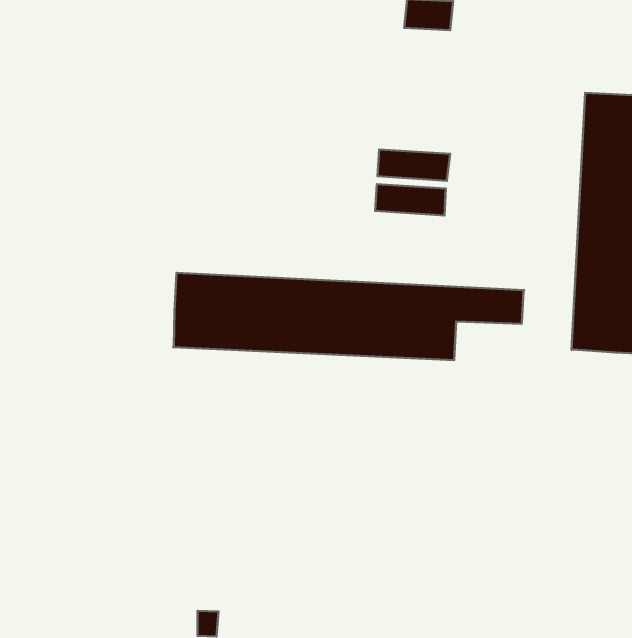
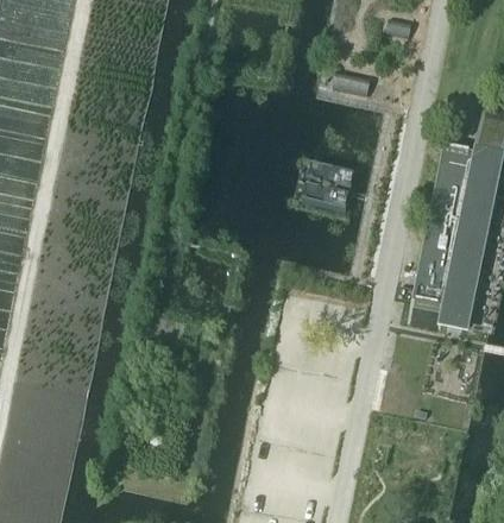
building: [173,273,524,360] -> none

